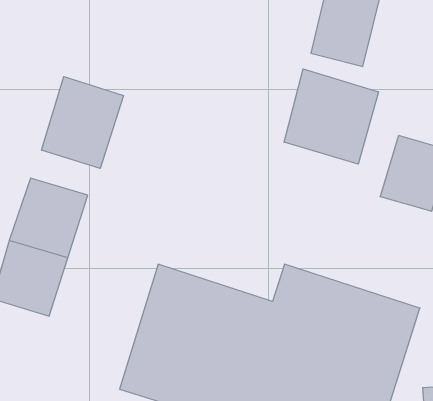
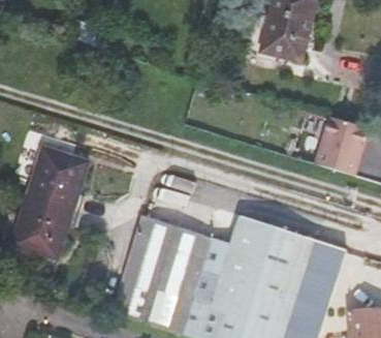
building: [284,69,379,164] -> none
building: [42,77,123,168] -> none

